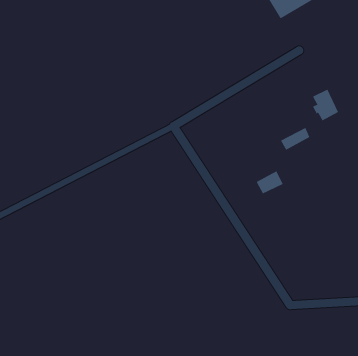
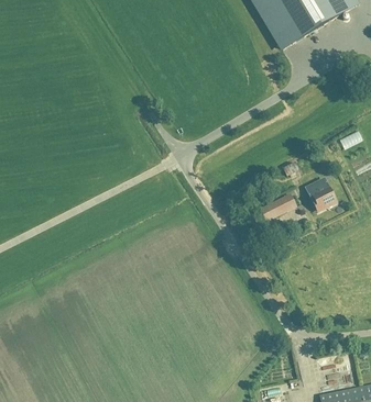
building: [312,89,339,121] -> [308,177,335,209]

